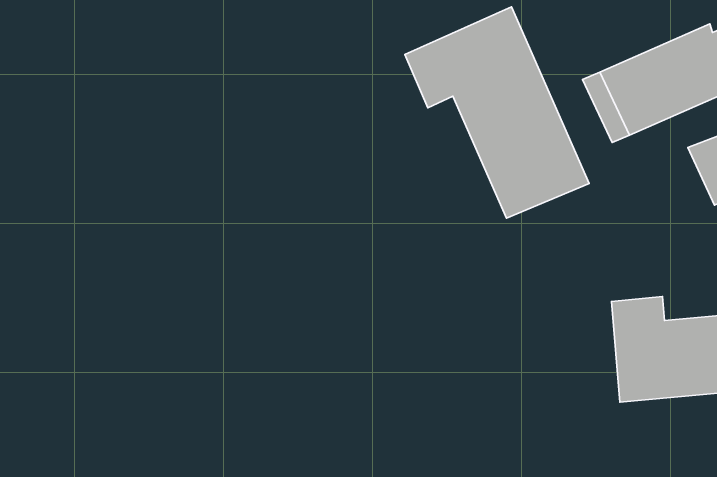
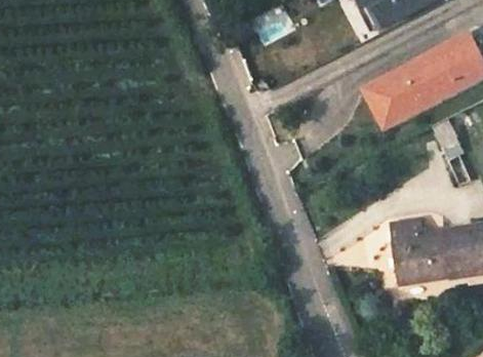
building: [405,7,589,218] -> none

